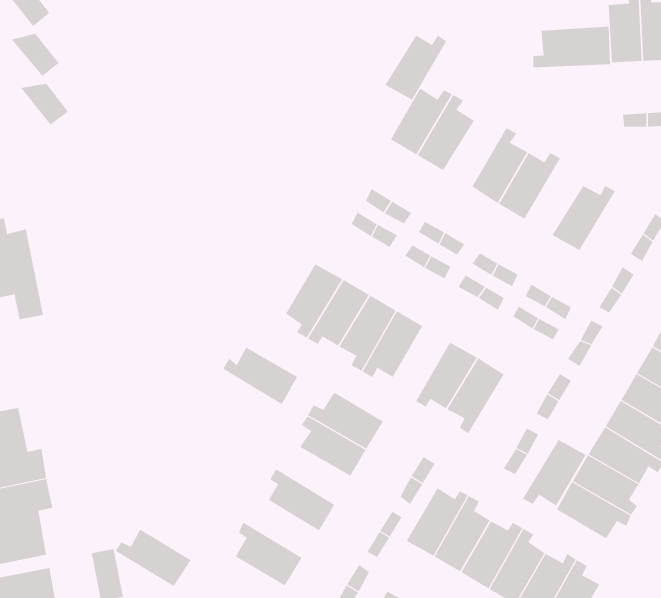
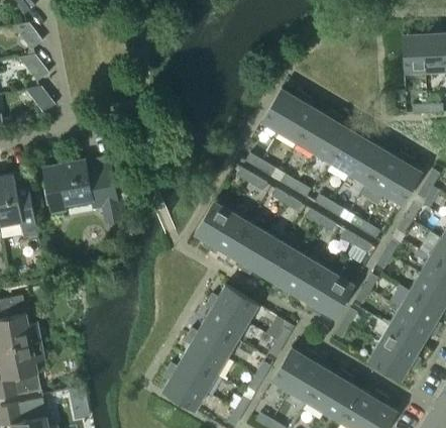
building: [533,26,611,68] -> none
building: [384,35,447,101] -> [296,111,336,153]
building: none -> [348,135,385,185]
building: none -> [383,156,421,206]
building: none -> [42,158,125,222]
building: none -> [263,243,300,292]
building: [222,347,298,405] -> [188,321,236,358]
building: [522,439,586,506] -> [312,275,353,318]
building: [115,529,192,587] -> [166,355,216,393]

